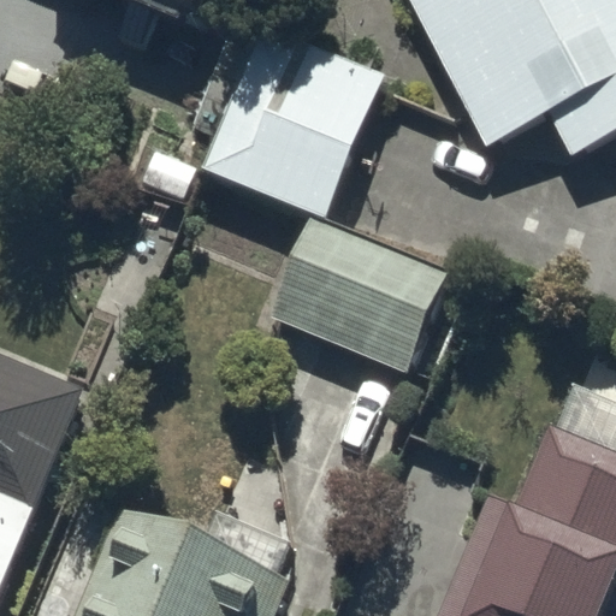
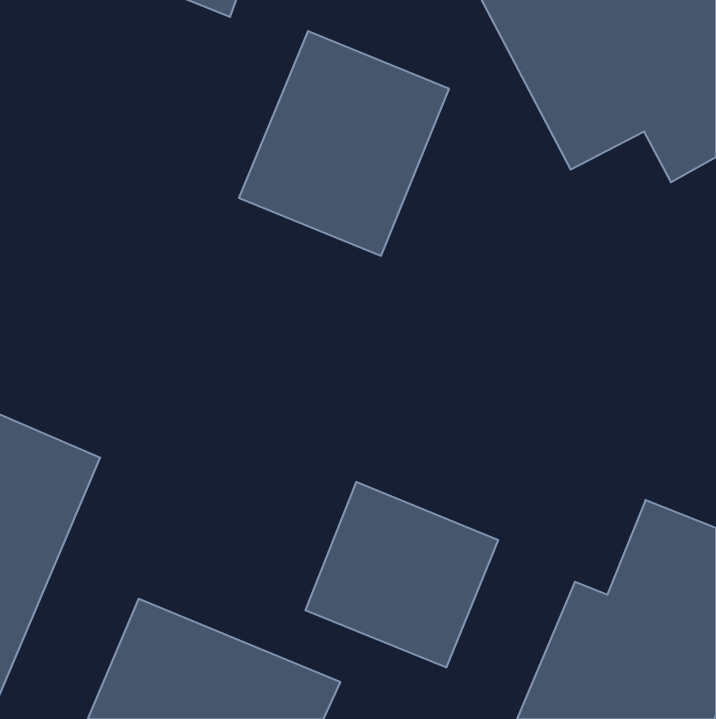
building: [268,217,448,374] -> none
building: none -> [305,482,498,668]

